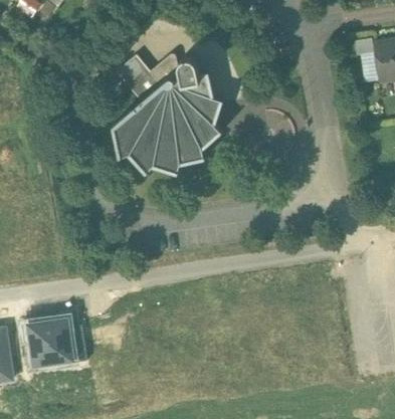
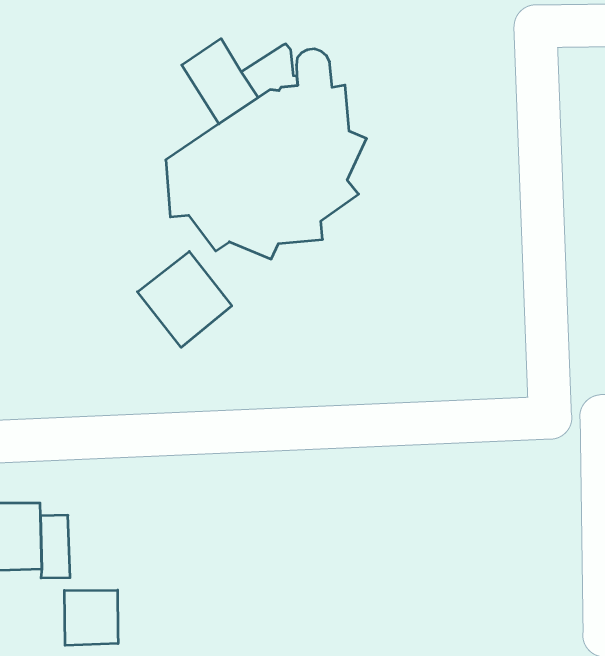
building: none -> [137,251,232,347]
building: none -> [64,590,118,645]

